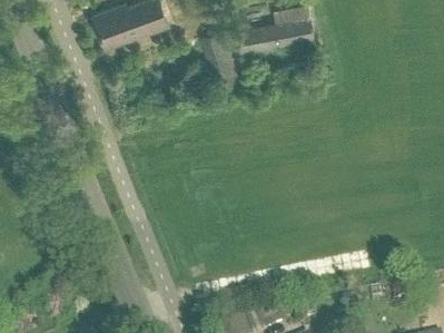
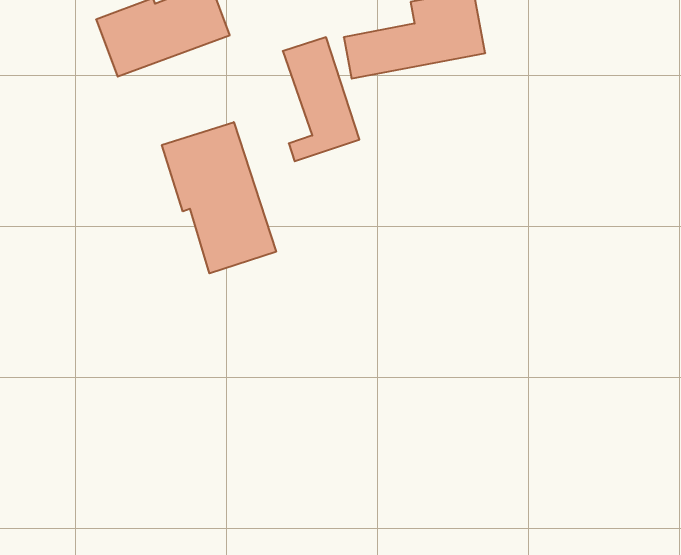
building: none -> [162,122,276,273]

